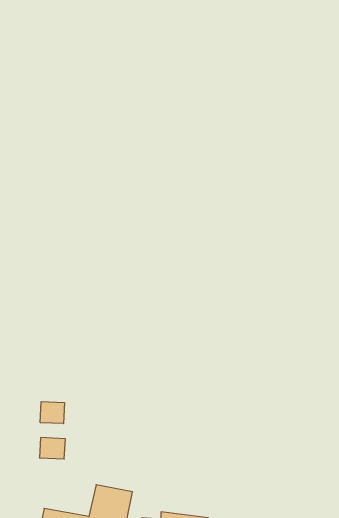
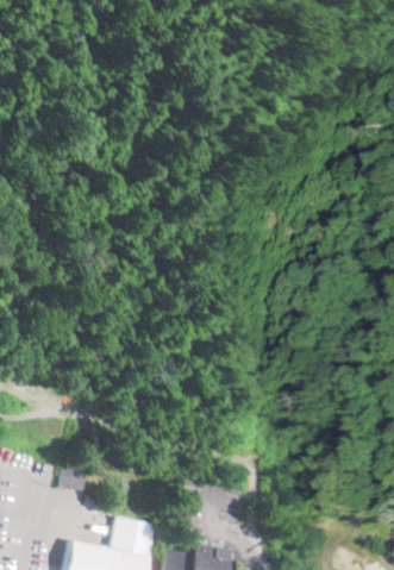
building: [40,402,64,424] -> none

